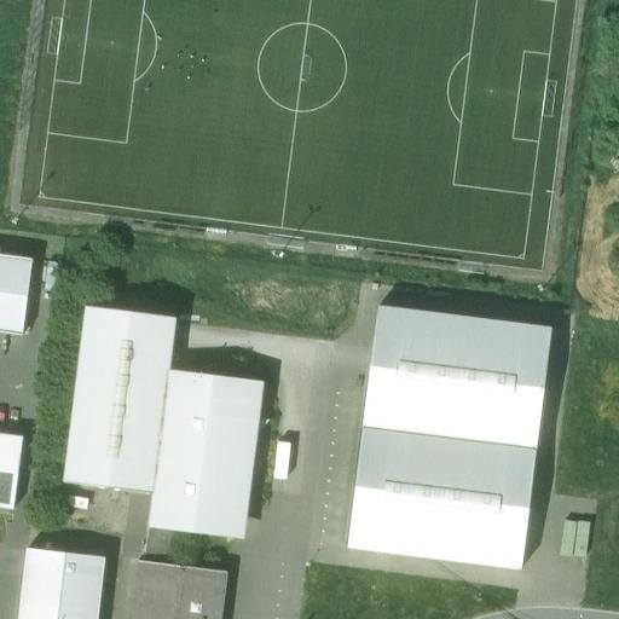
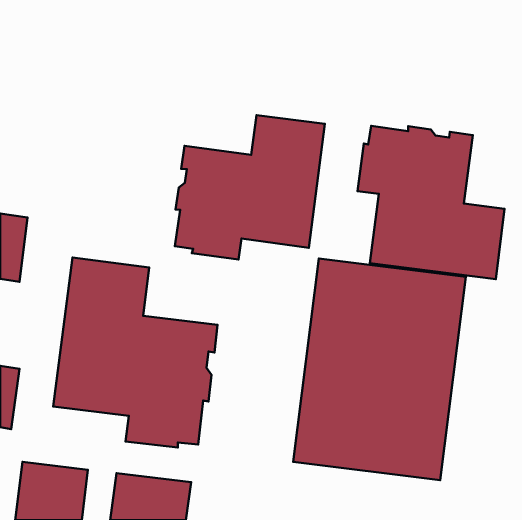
building: none -> [175,115,325,260]
building: none -> [357,126,504,279]

